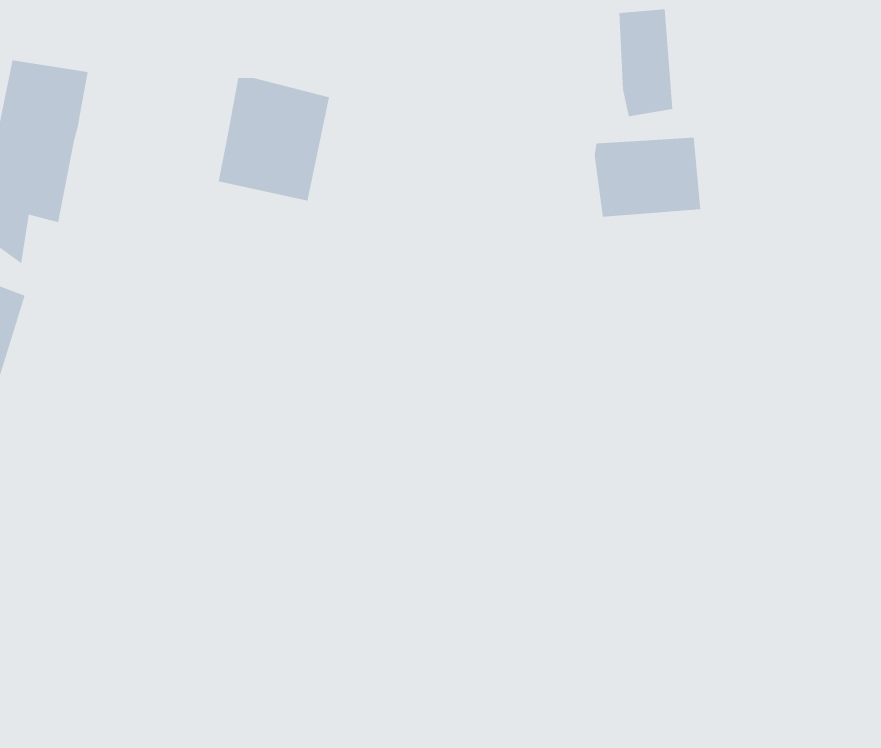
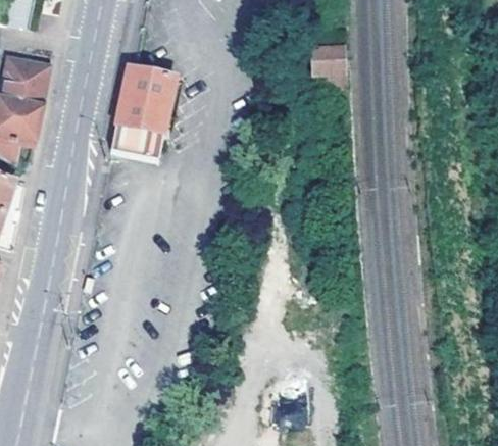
building: [594,137,701,217] -> none
building: none -> [110,120,162,158]

